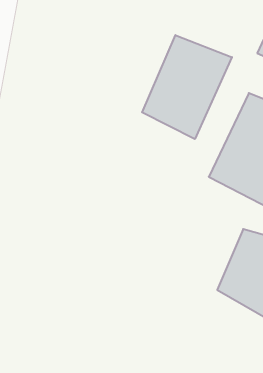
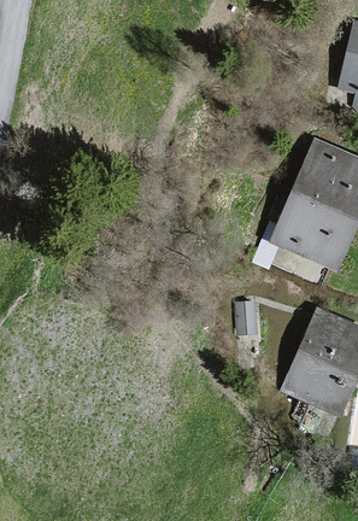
building: [142,35,232,139] -> none

